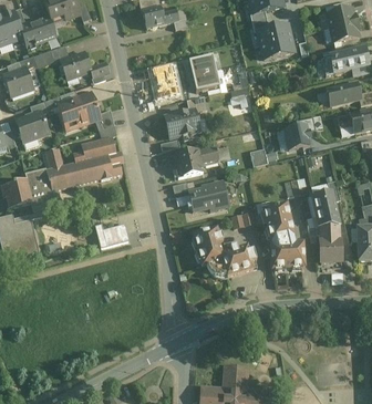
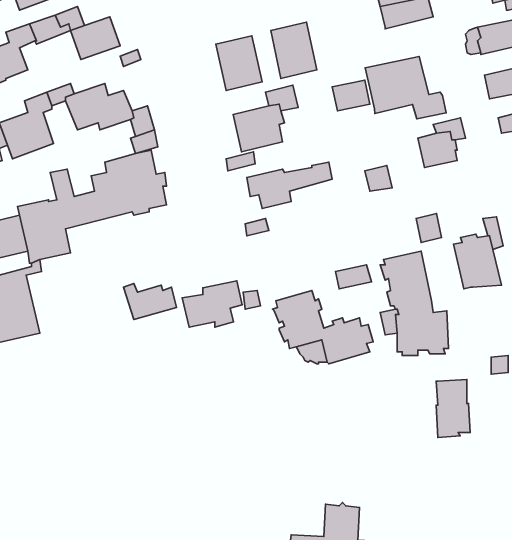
building: none -> [365,56,446,119]
building: [188,180,227,210] -> [182,281,242,327]
building: [319,225,341,262] -> [436,379,470,438]

